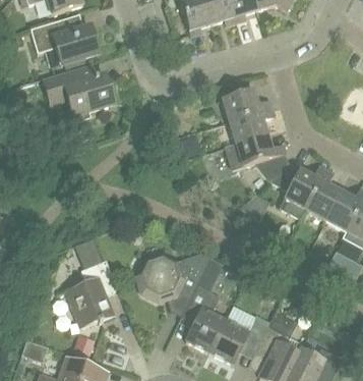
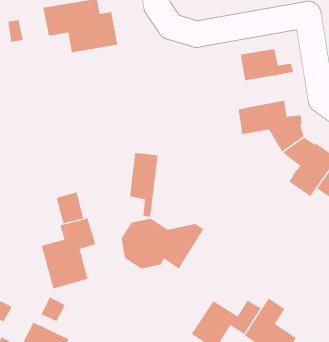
building: [230,108,275,144] -> none
building: none -> [129,152,159,218]
building: [184,284,226,351] -> none

